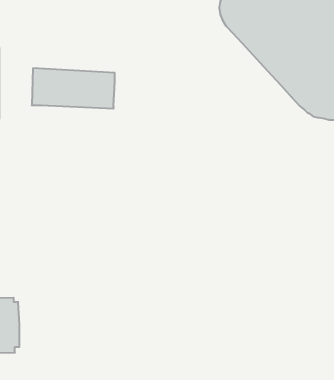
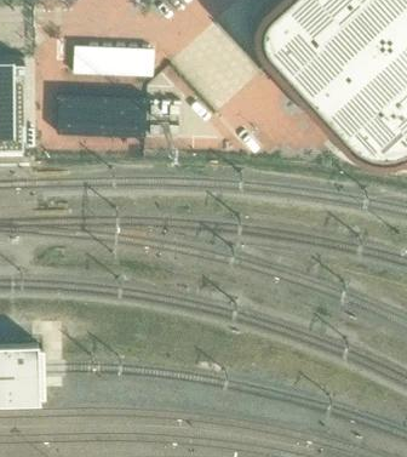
building: none -> [74,47,154,78]

